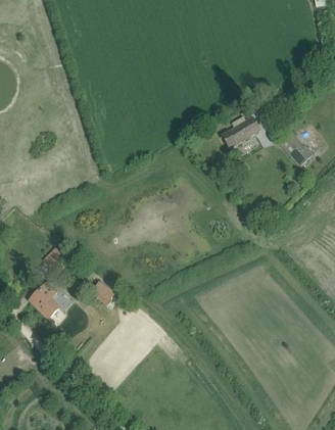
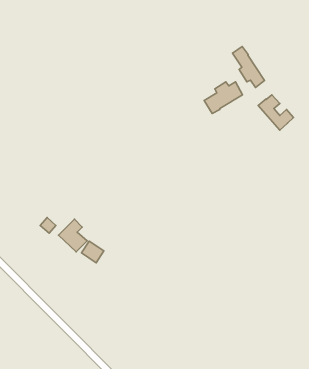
building: none -> [232,46,264,88]
building: [30,283,59,317] -> [59,219,87,252]

